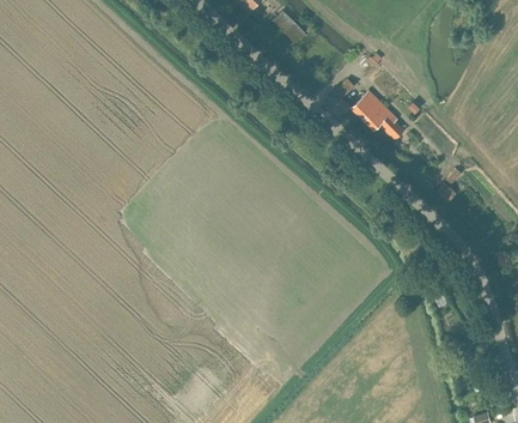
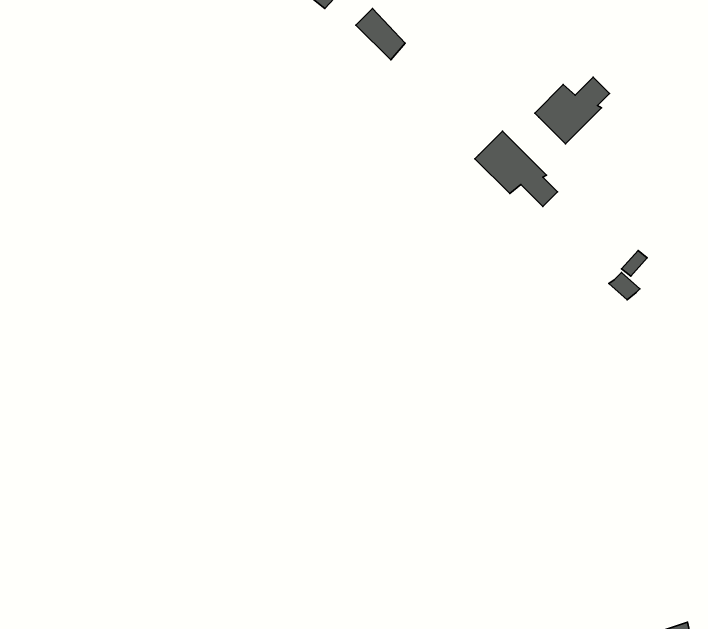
building: none -> [535,77,610,144]

